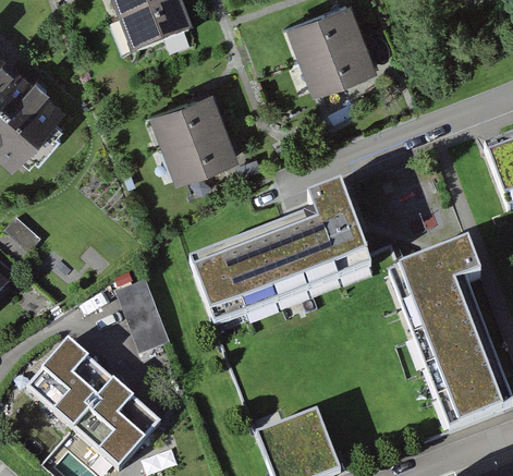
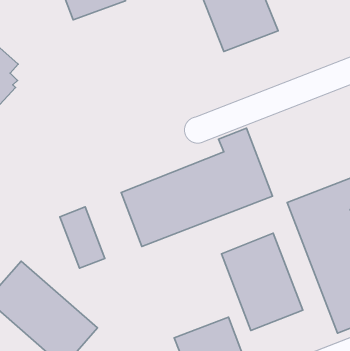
building: [150,85,240,179] -> none
building: none -> [221,233,303,330]

